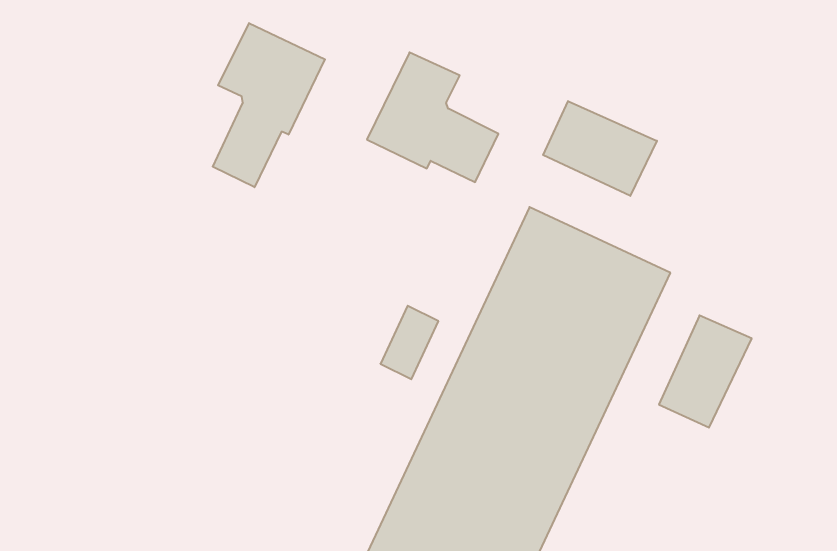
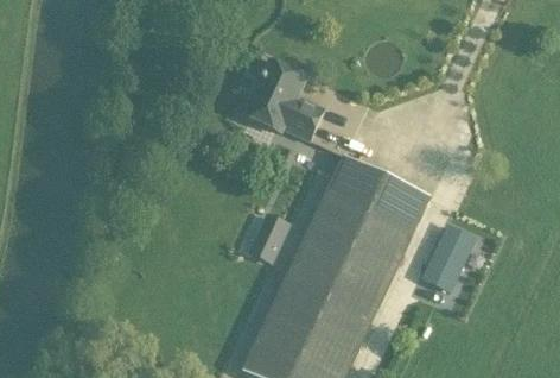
building: [213,23,325,187] -> none
building: [543,101,657,196] -> none

